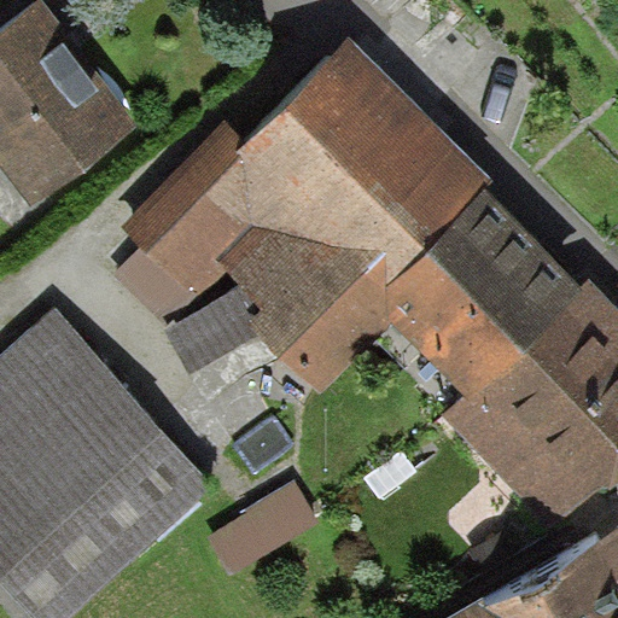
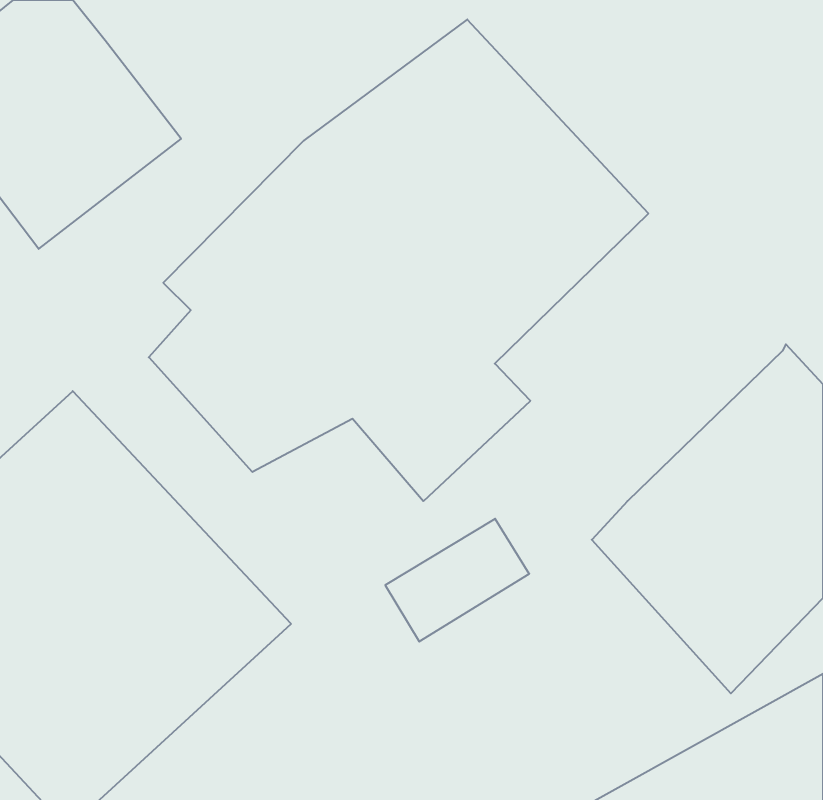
building: [369,179,584,393] -> none
building: [210,495,317,587] -> [385,519,529,642]

